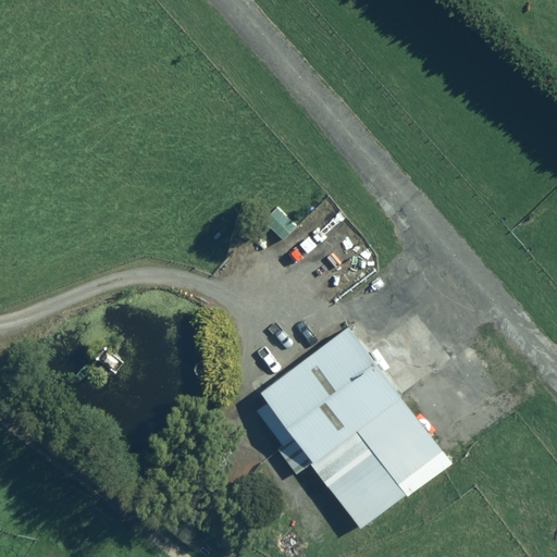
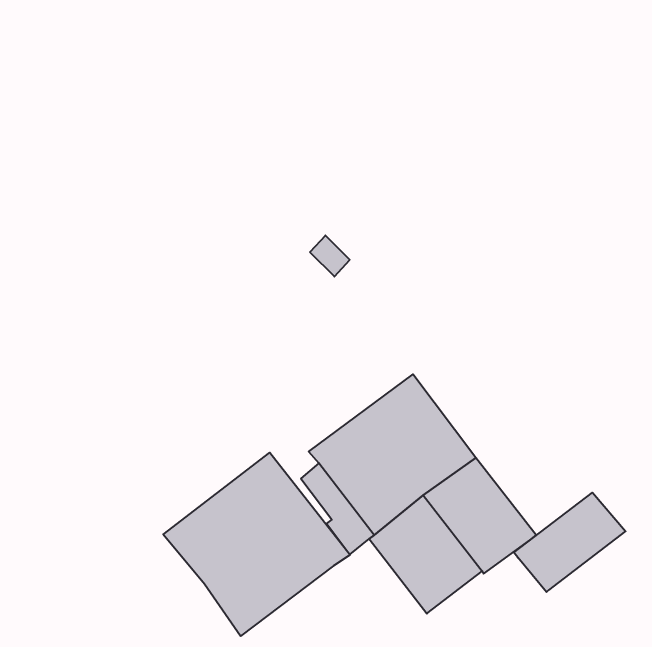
building: none -> [163,453,350,636]
building: none -> [514,493,626,592]

